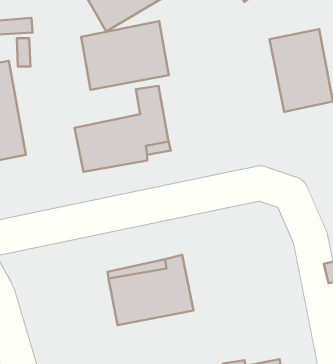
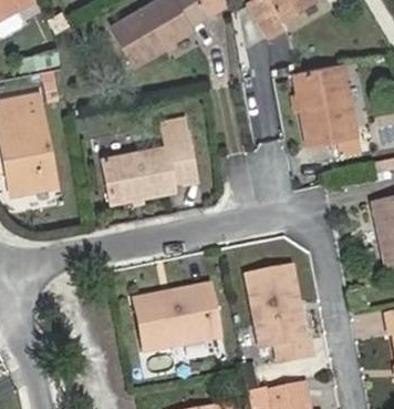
building: [81,21,169,90] -> none
building: none -> [246,268,309,364]

